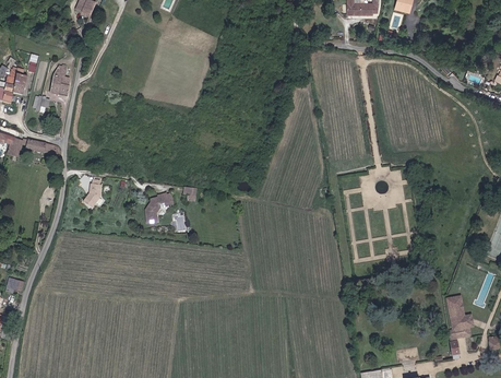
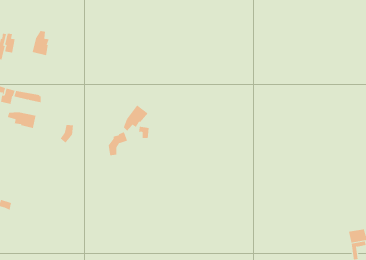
building: none -> [123,105,148,131]
building: none -> [7,111,36,129]

